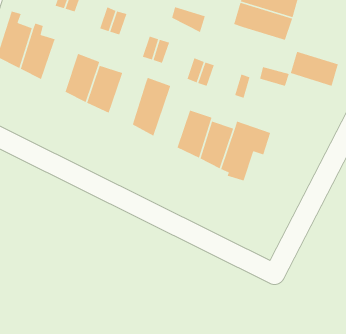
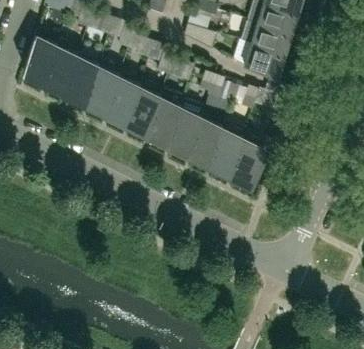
building: none -> [64,60,98,106]
building: [290,51,339,87] -> [243,47,288,80]
building: none -> [126,91,159,136]
building: none -> [167,103,204,157]

